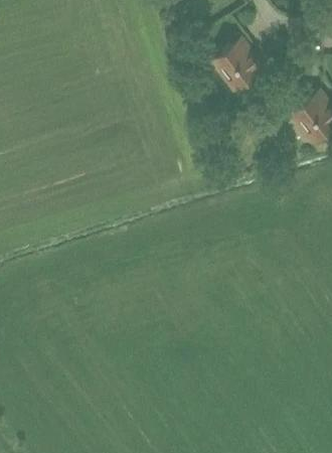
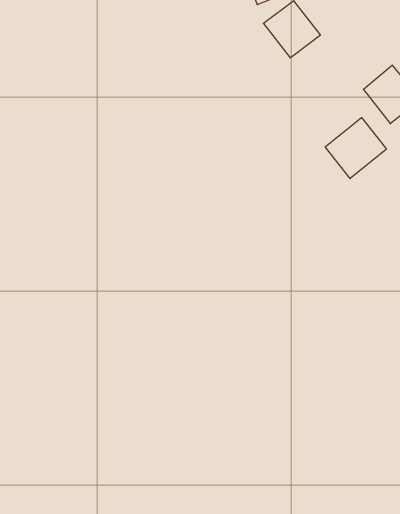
building: none -> [325,118,386,179]

